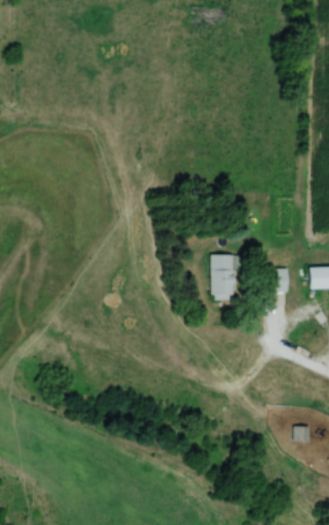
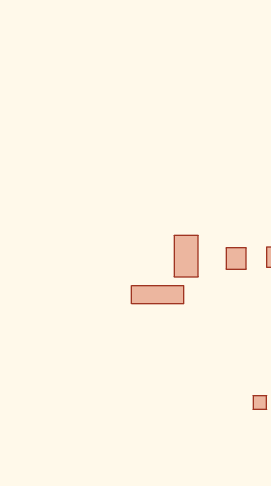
building: none -> [132,286,184,304]

